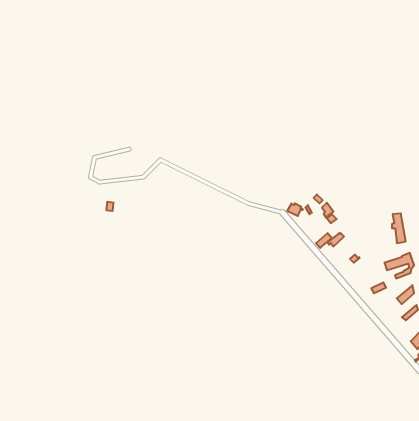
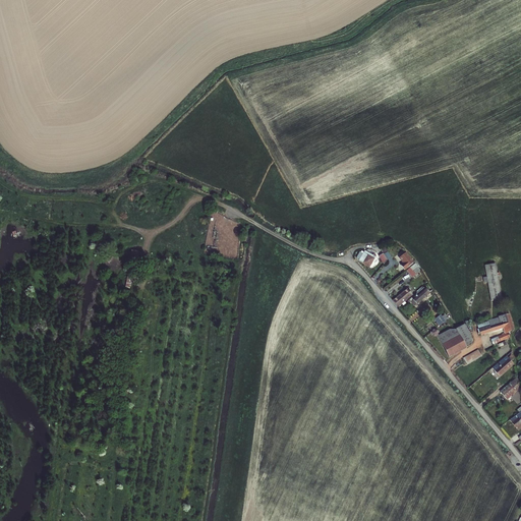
building: none -> [440,327,472,354]

